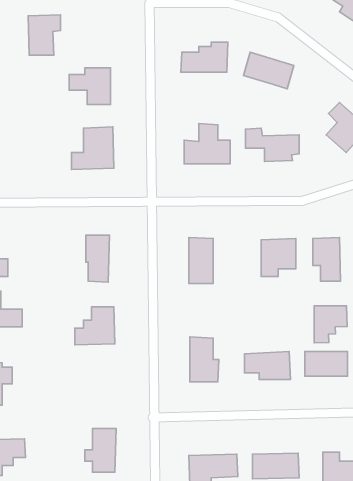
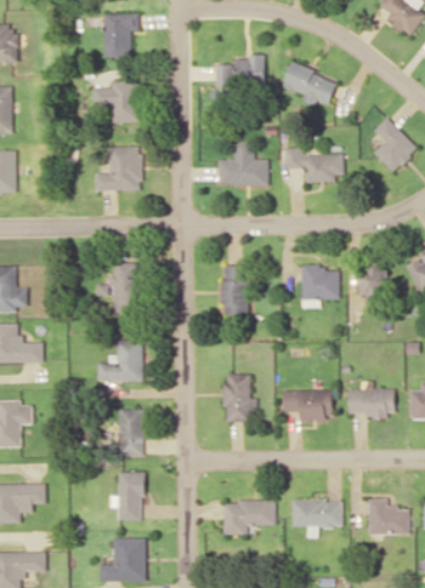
building: [28,15,61,55] -> [102,13,137,57]
building: [314,306,347,343] -> none
building: none -> [118,410,143,456]

